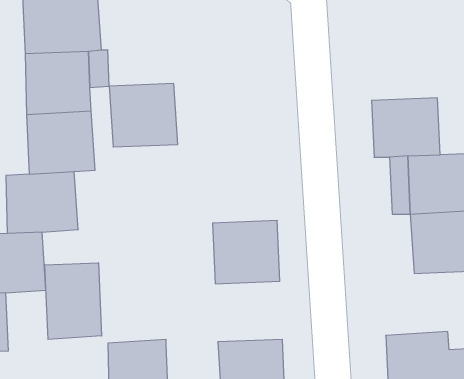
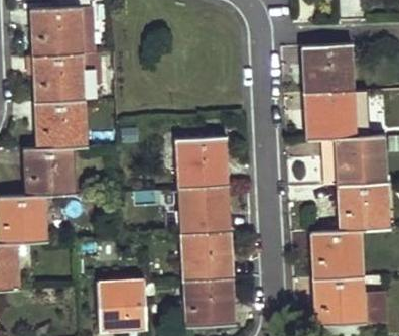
building: none -> [301,44,355,94]
building: [109,84,178,147] -> [176,140,230,190]
building: [45,263,102,339] -> none
building: none -> [311,228,363,277]
building: none -> [181,235,234,283]

